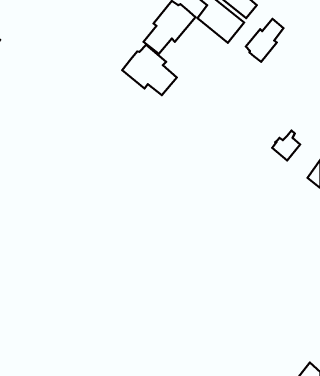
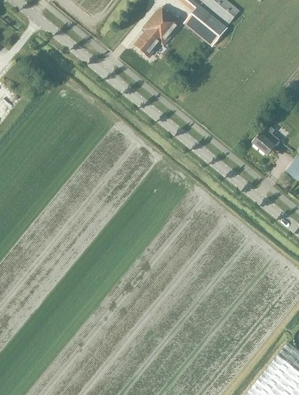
building: [246,19,284,62] -> none
building: [122,45,177,95] -> none

